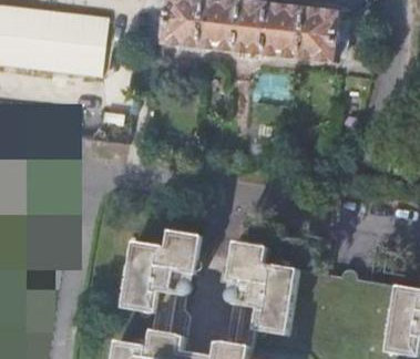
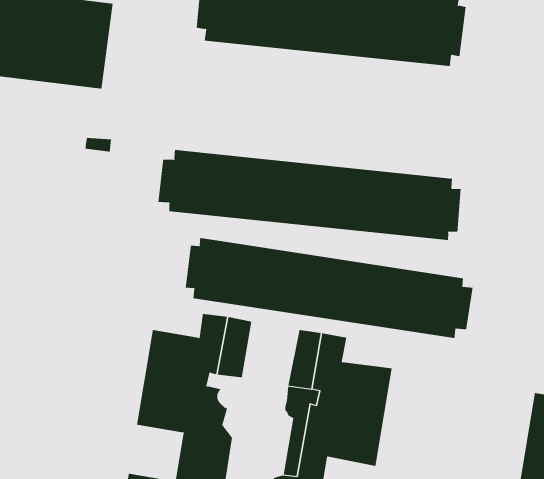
building: none -> [158,149,461,241]
building: none -> [185,237,473,339]

